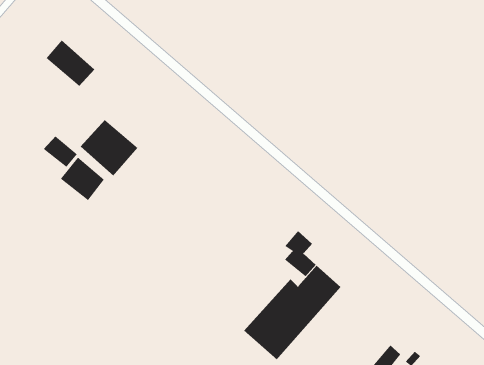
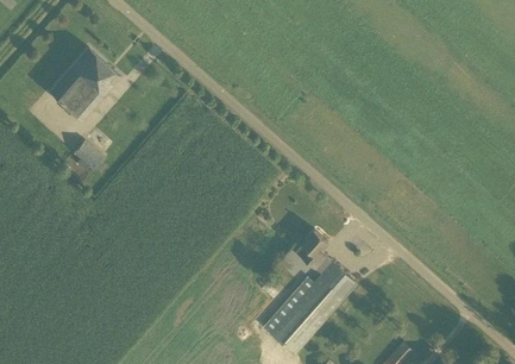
building: [80,119,138,176] -> [46,64,102,119]
building: [60,157,105,201] -> none

